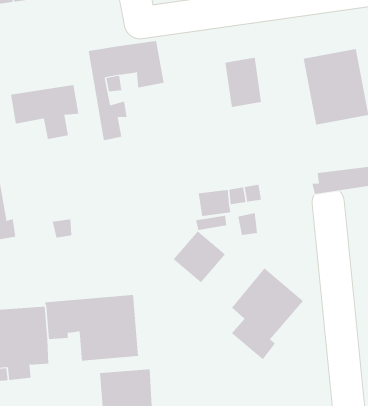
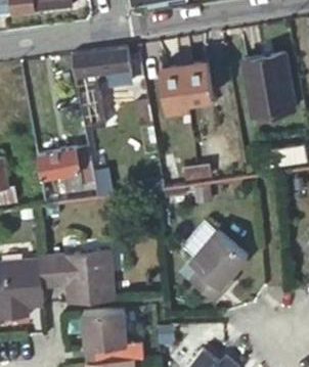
building: none -> [162,64,188,108]
building: [10,84,79,140] -> [38,147,93,191]
building: [173,230,226,283] -> none

